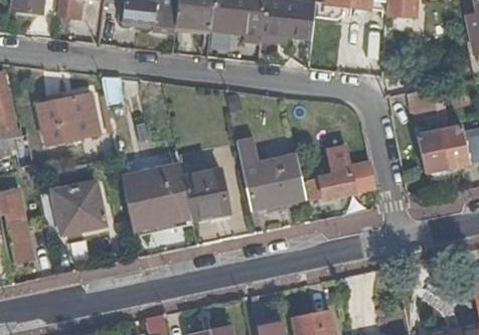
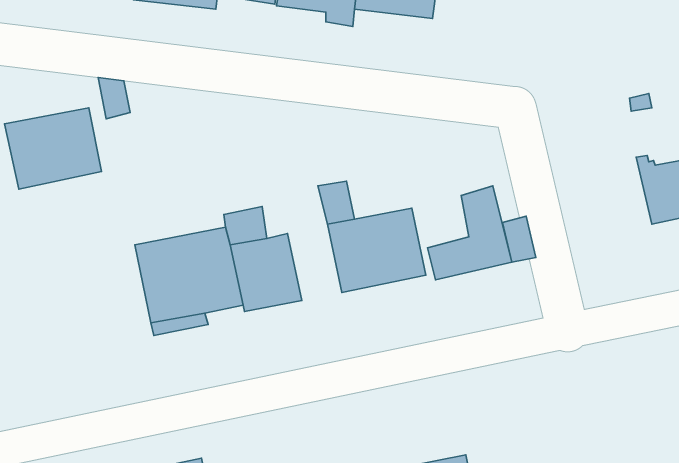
building: [405,89,448,172] -> none
building: [40,182,105,235] -> none

